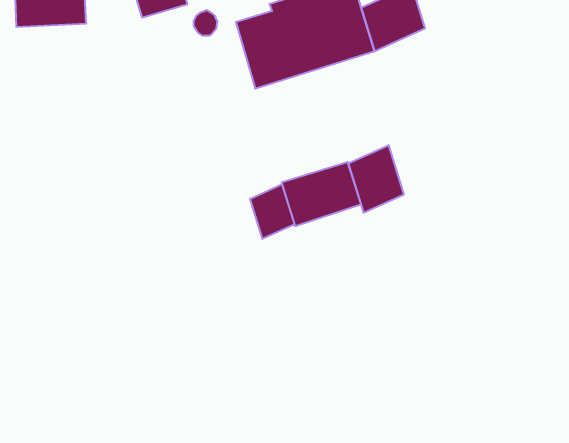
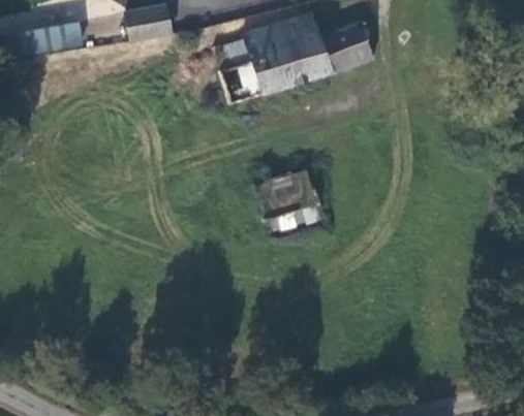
building: [348,145,404,213] -> none
building: [250,184,294,239] -> none

